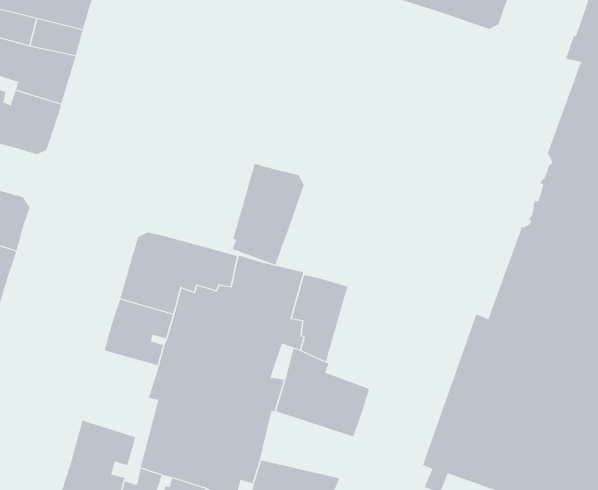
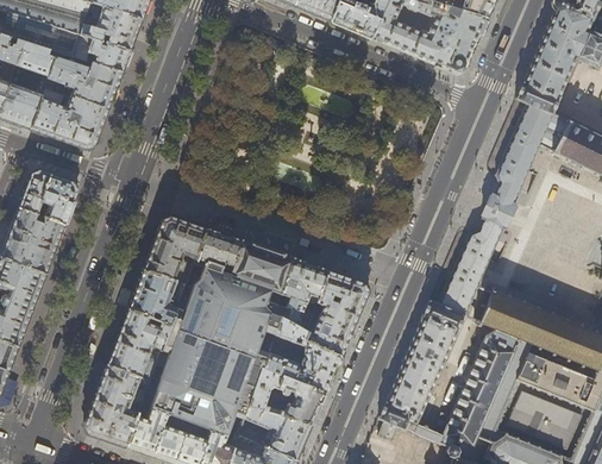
building: [232,163,304,265] -> [307,271,369,355]
building: none -> [108,309,173,381]
building: none -> [250,368,326,425]

